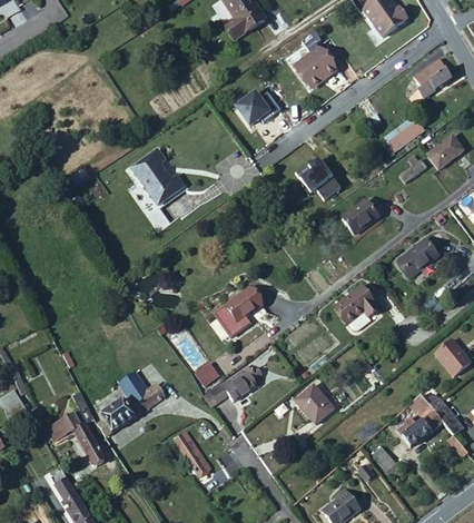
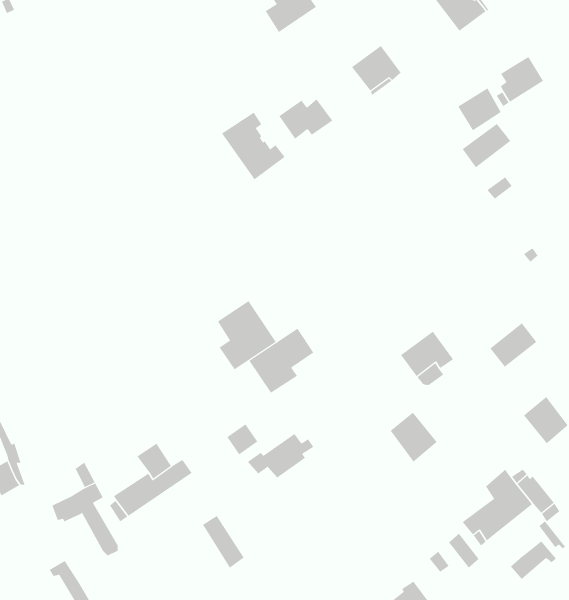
building: none -> [458,88,502,131]
building: [426,136,462,170] -> none
building: [130,150,182,206] -> [221,112,286,180]
building: [293,151,338,194] -> none
building: [349,194,386,228] -> none
building: [398,236,437,273] -> [489,323,537,368]
building: none -> [217,300,276,370]
building: [295,386,334,427] -> [390,412,438,462]
building: none -> [510,540,557,580]

